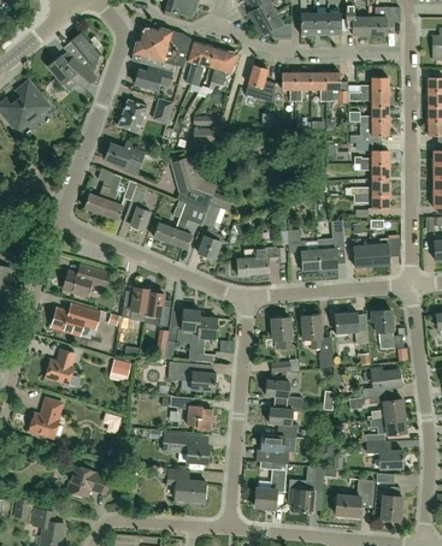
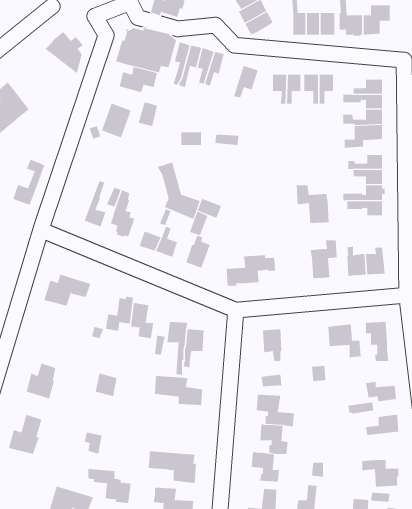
building: [48,48,96,90] -> none
building: [105,142,143,173] -> none
building: [84,168,116,213] -> [12,159,45,205]
building: [288,232,320,269] -> [296,185,330,224]
building: [52,308,99,334] -> none
building: [302,314,322,348] -> none
building: [171,396,213,429] -> [87,468,131,504]
building: [366,415,406,443] -> none

